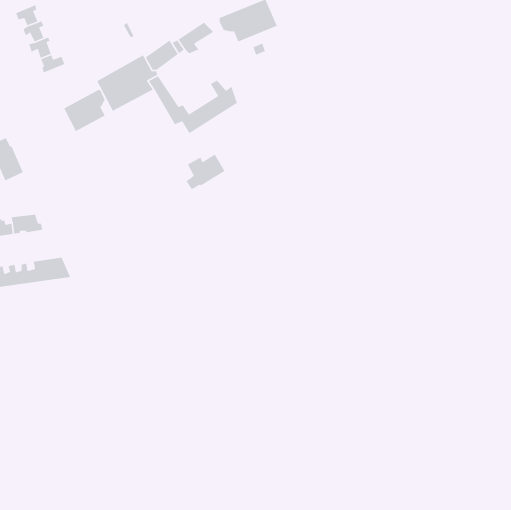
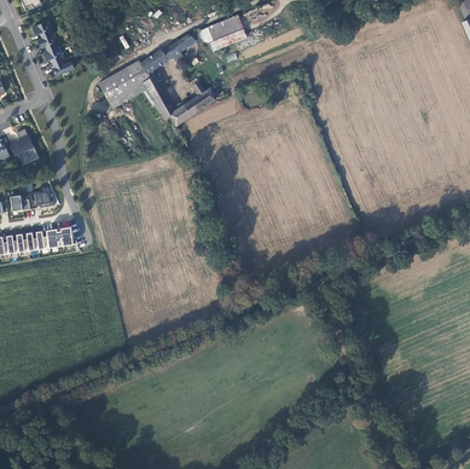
building: [63,89,106,132] -> none
building: [186,154,226,190] -> none

